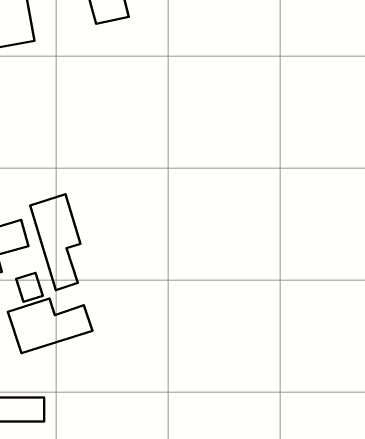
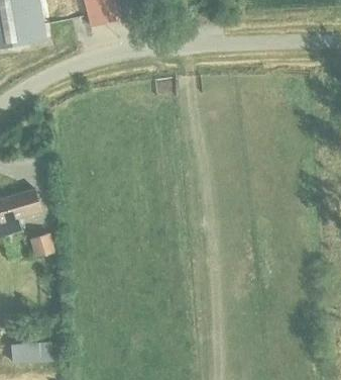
building: [30,194,81,290] -> none
building: [8,299,93,353] -> none

